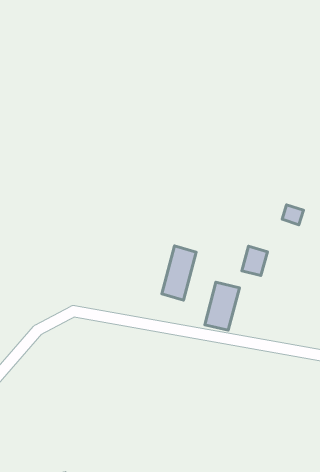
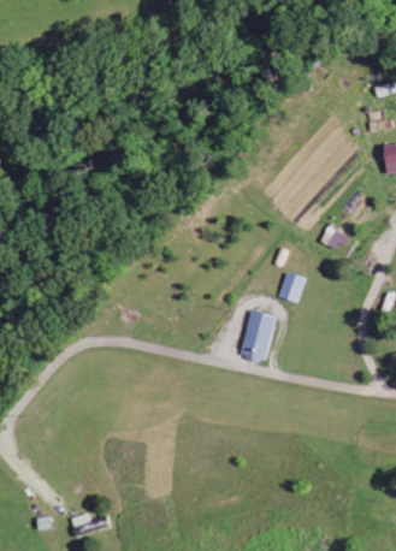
building: [162,246,196,300] -> none

